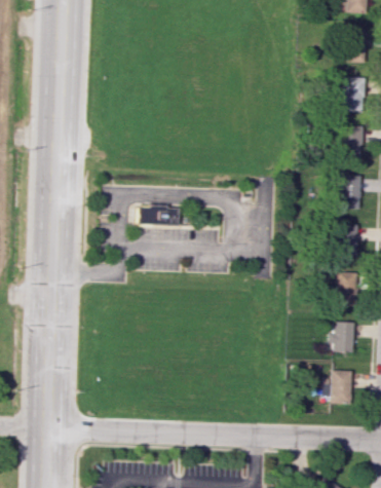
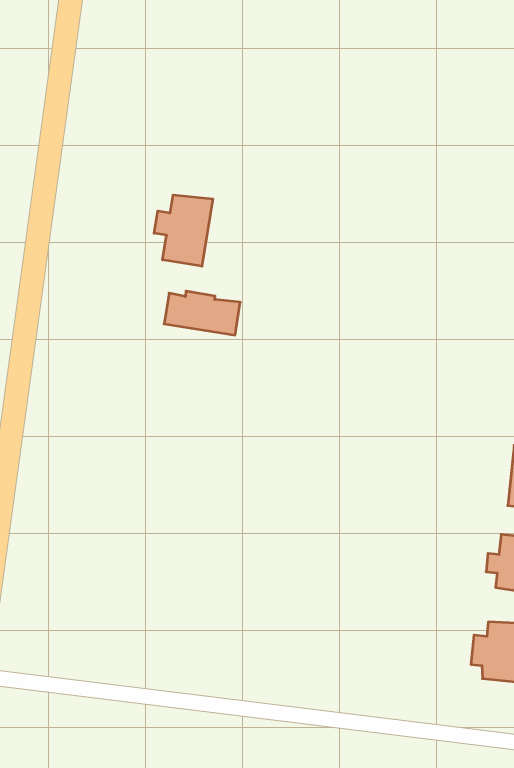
building: none -> [154,195,213,266]

